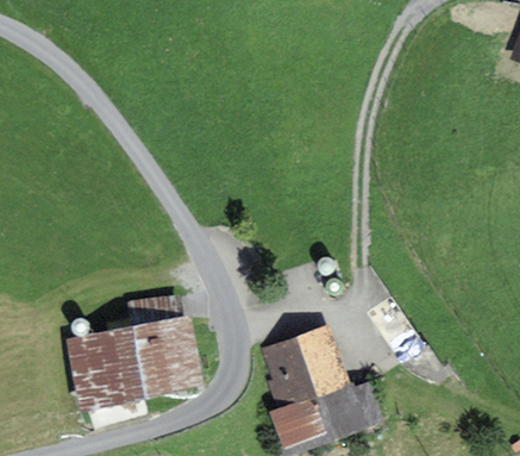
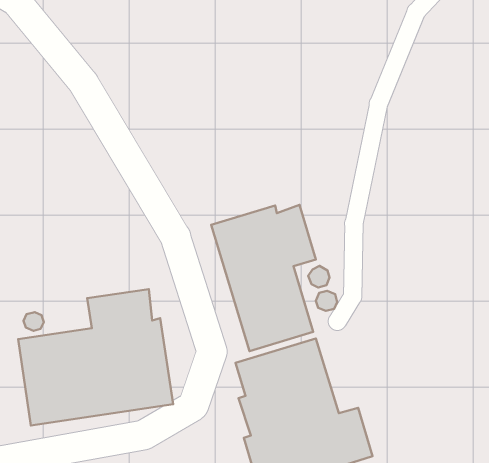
building: none -> [211,205,316,351]

